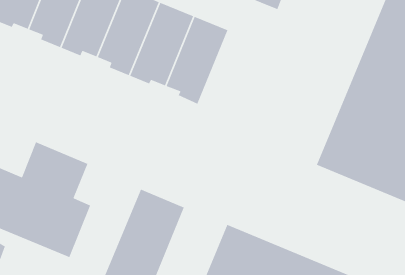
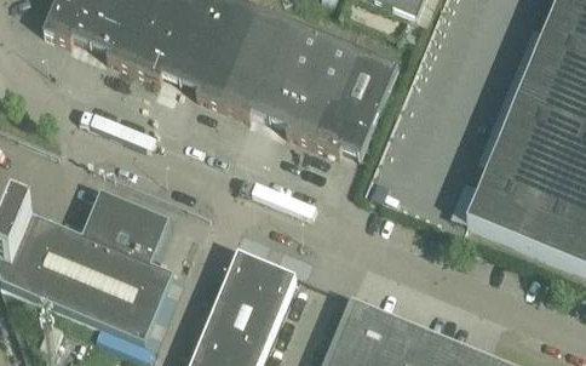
building: none -> [312,44,398,154]

